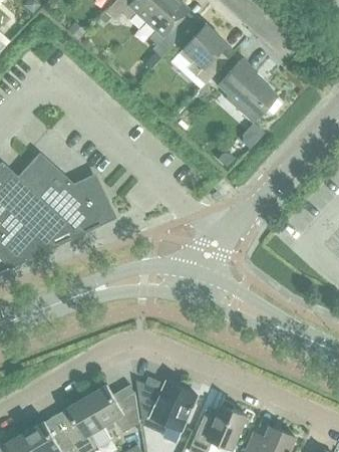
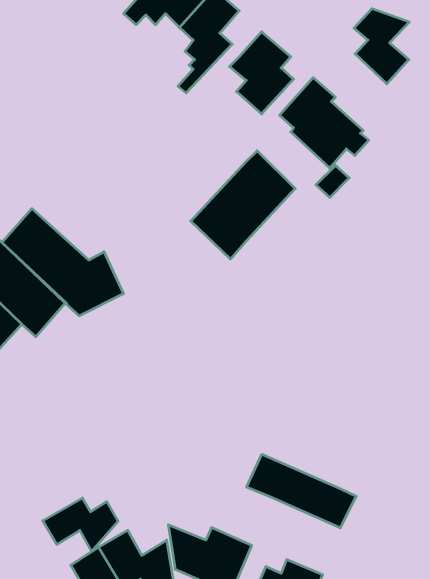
building: none -> [354,9,409,84]
building: none -> [191,151,295,259]
building: none -> [247,454,356,528]
building: none -> [43,498,118,552]

